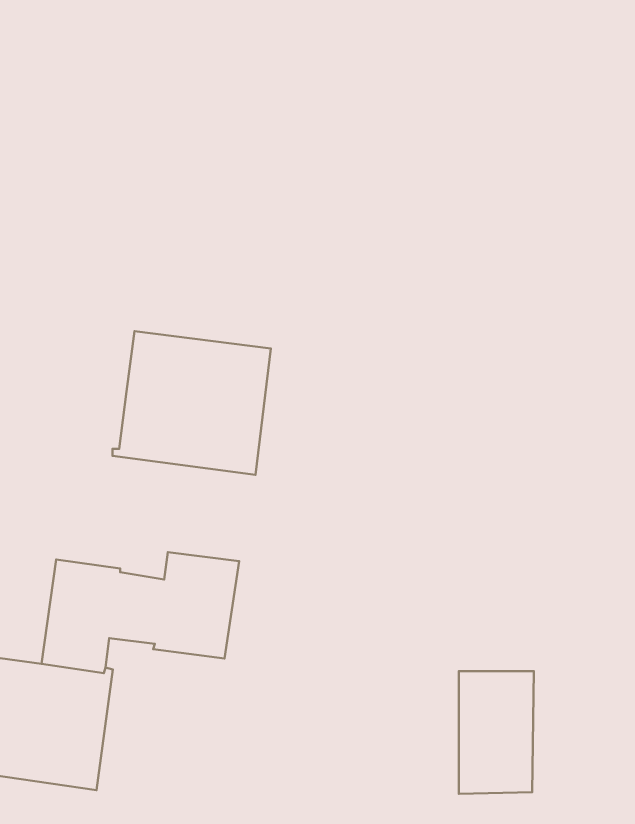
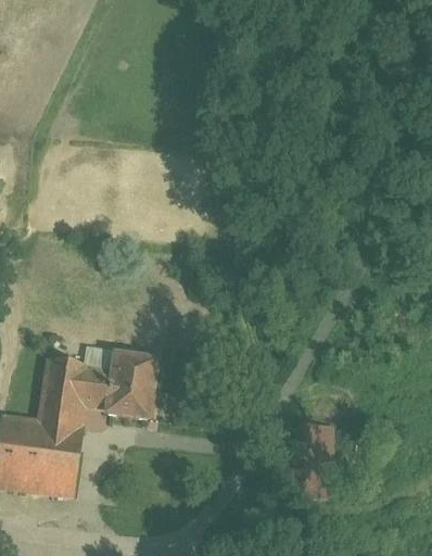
building: [113,331,271,475] -> none

